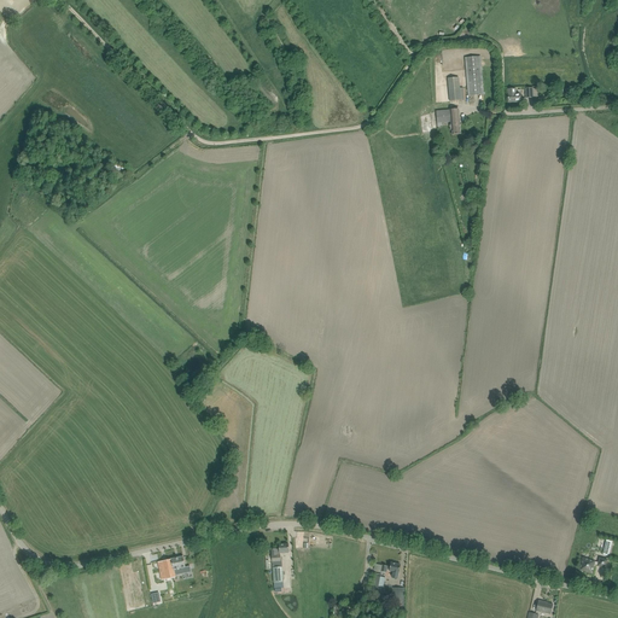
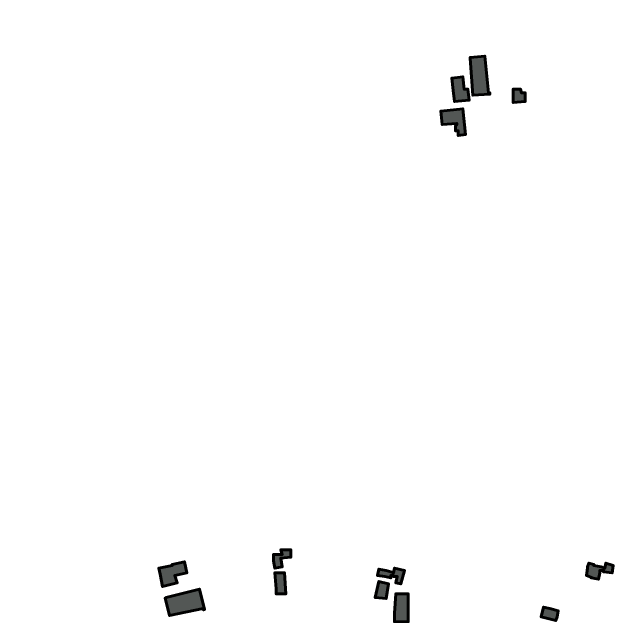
building: none -> [165,589,205,615]

